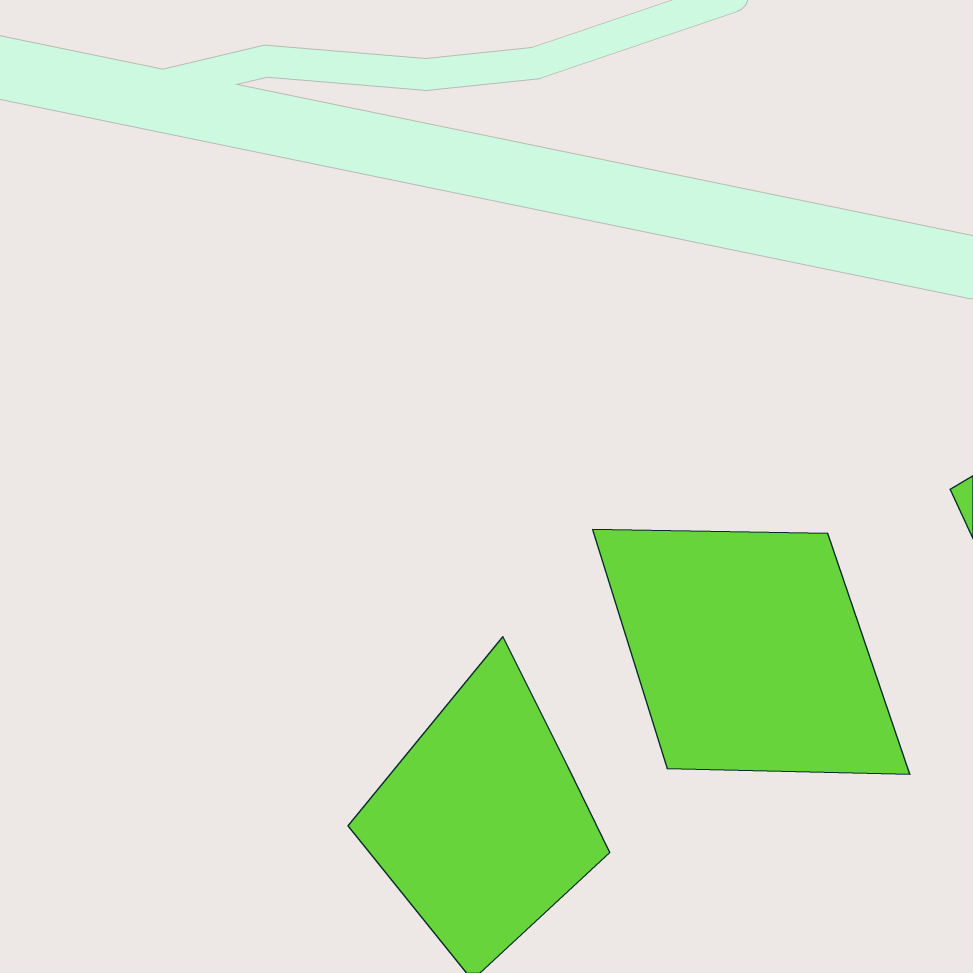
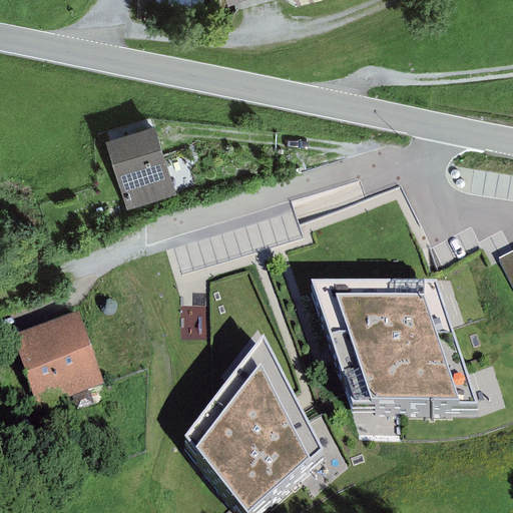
building: none -> [104,125,175,209]
building: none -> [11,311,102,404]

